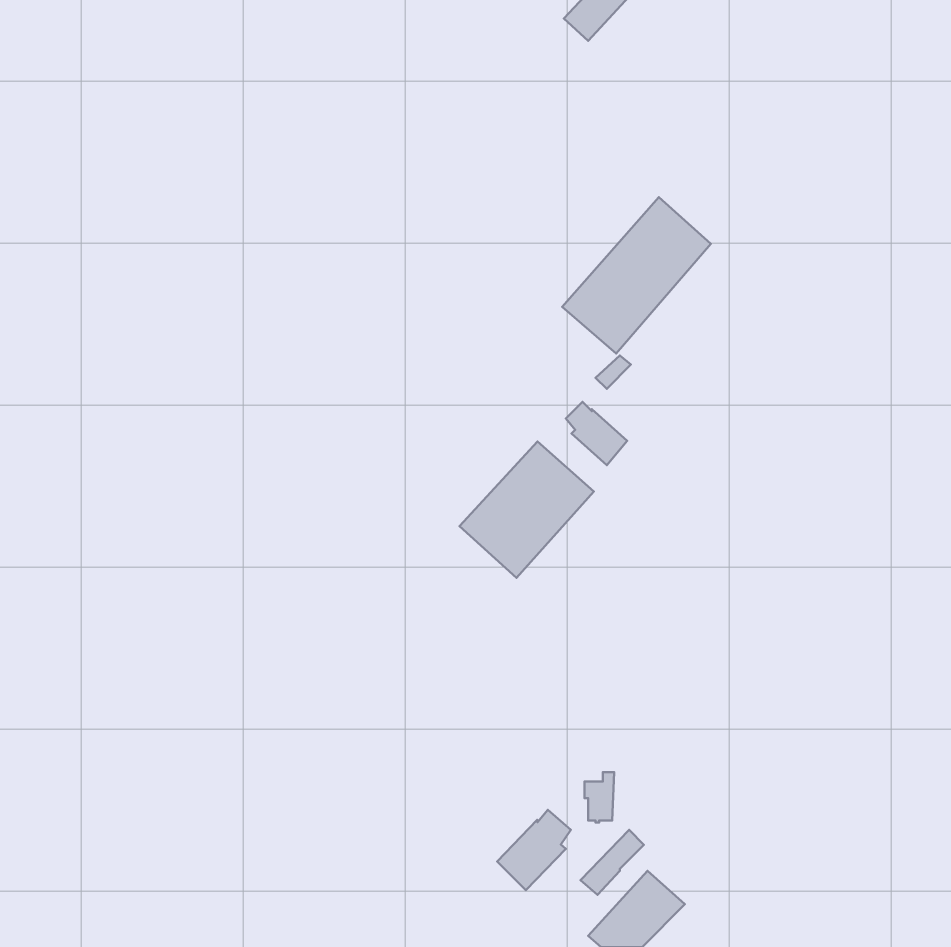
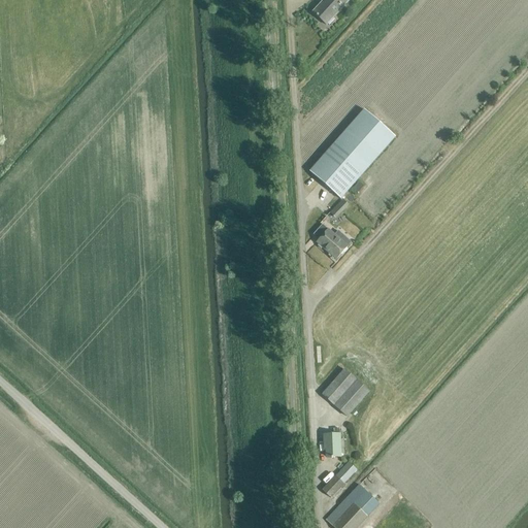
building: [460,442,594,578] -> none
building: none -> [322,367,369,415]
building: [497,810,571,890] -> none

